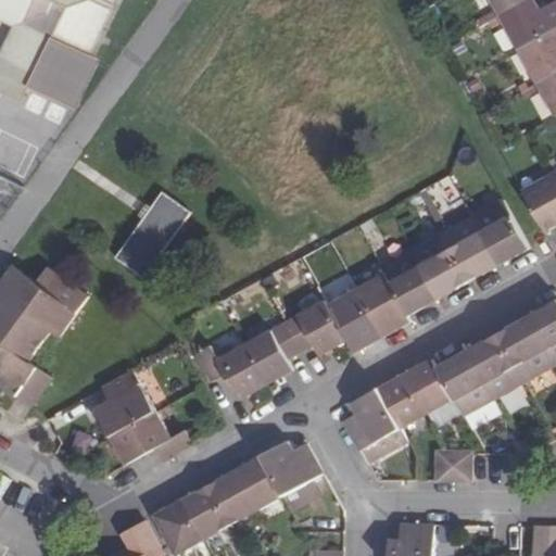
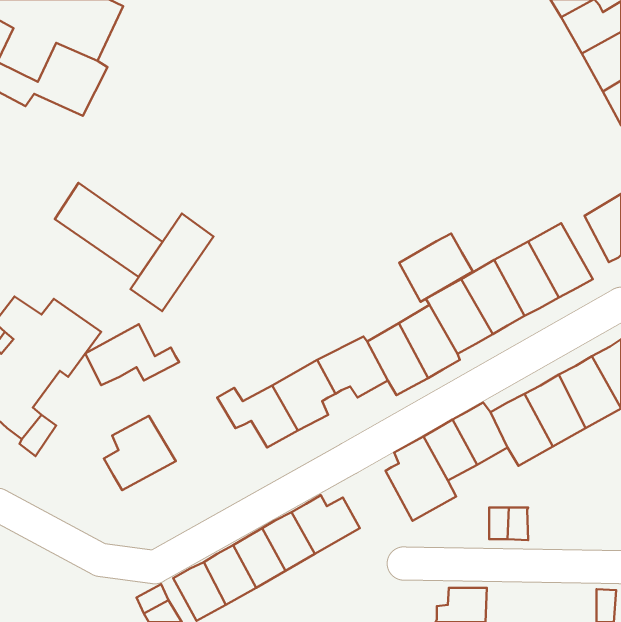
building: none -> [55,183,163,277]
building: none -> [399,234,473,302]
building: [109,410,192,465] -> [85,324,179,385]

